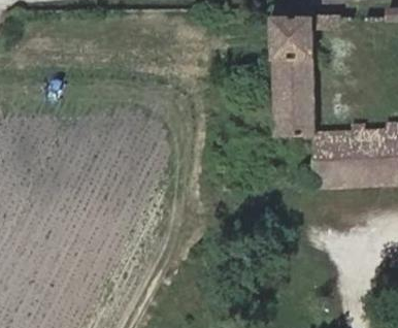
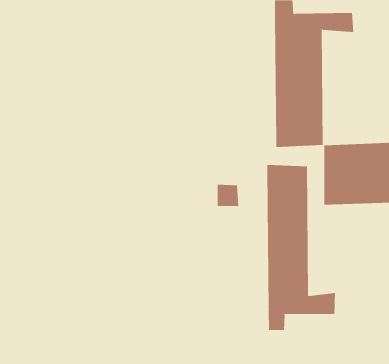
building: none -> [267,164,335,331]

